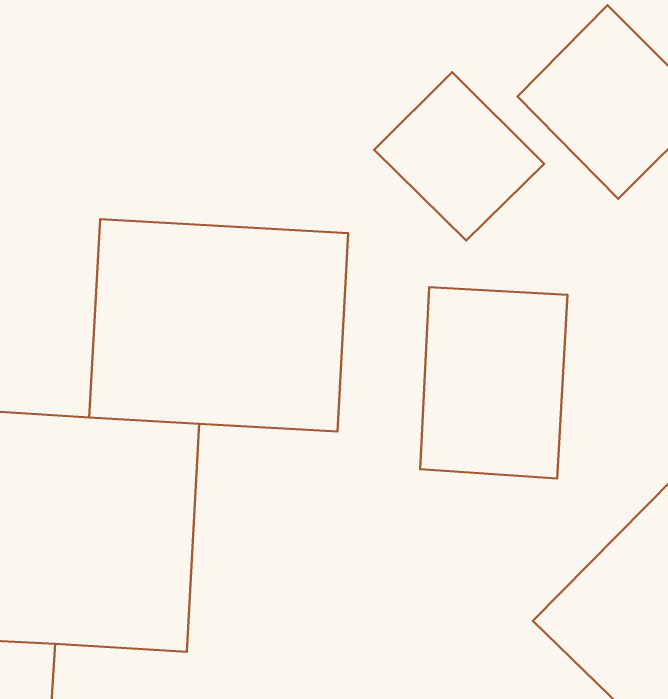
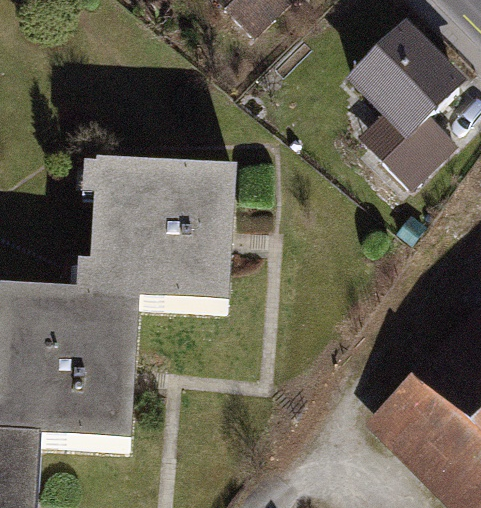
building: [374,72,544,240] -> none
building: [420,287,568,478] -> none

